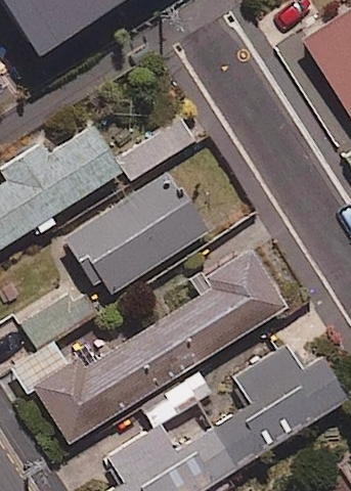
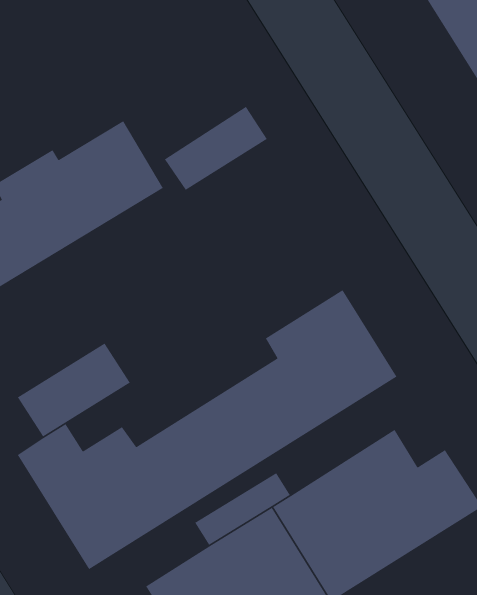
building: [70,173,207,296] -> none

